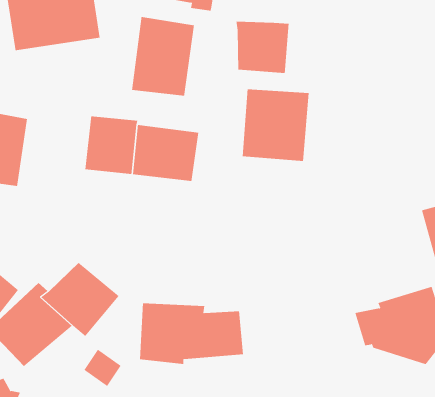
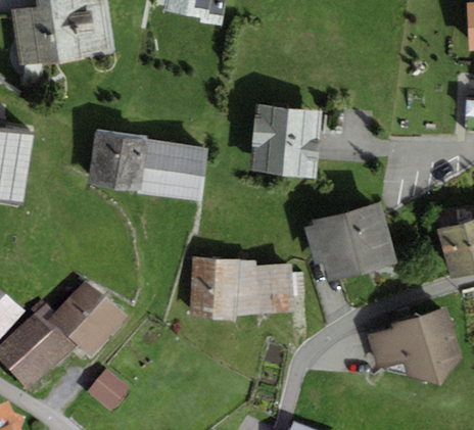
building: [131,16,195,97] -> none
building: [236,21,289,74] -> none
building: none -> [305,201,396,282]
building: [139,303,244,365] -> [190,256,297,320]

